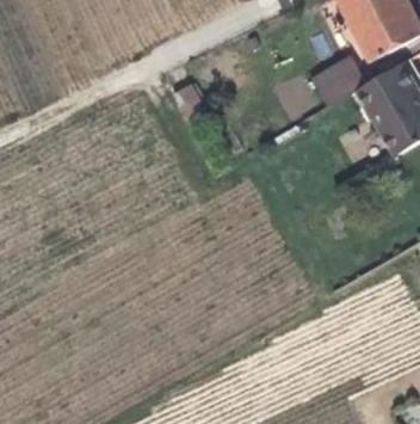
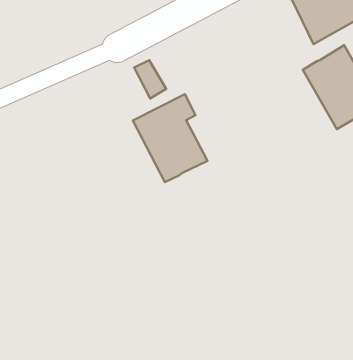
building: [314,56,377,104] -> none
building: none -> [133,94,207,182]

